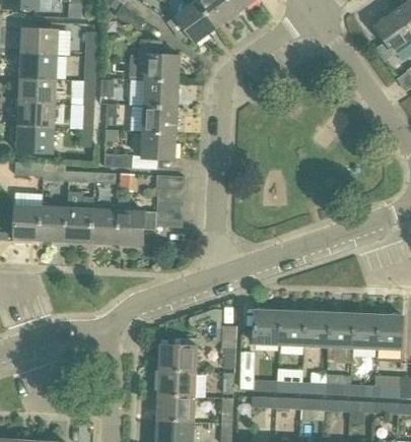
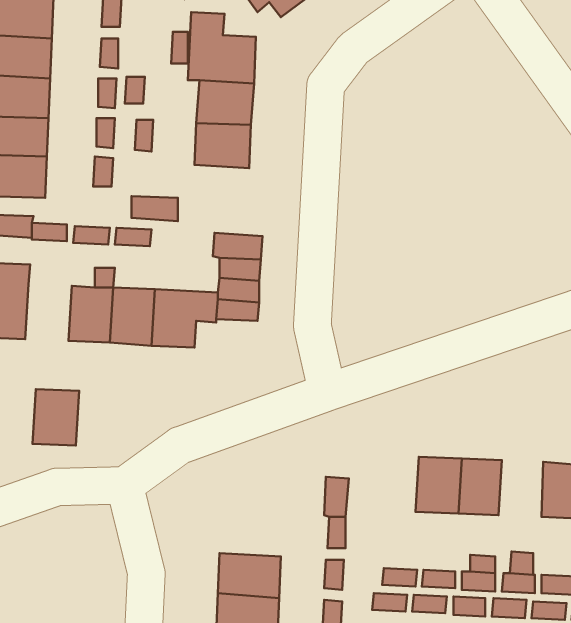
building: [141,133,176,160] -> none
building: [39,206,67,241] -> [33,389,79,446]
building: [252,311,279,345] -> none
building: [328,314,355,349] -> none
building: [157,344,197,373] -> none

